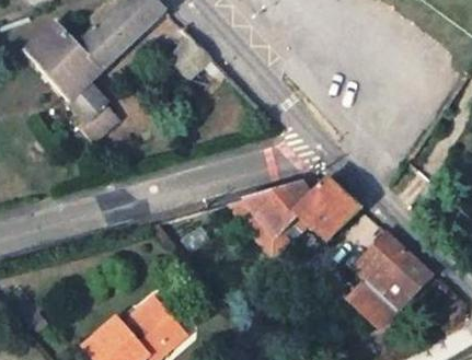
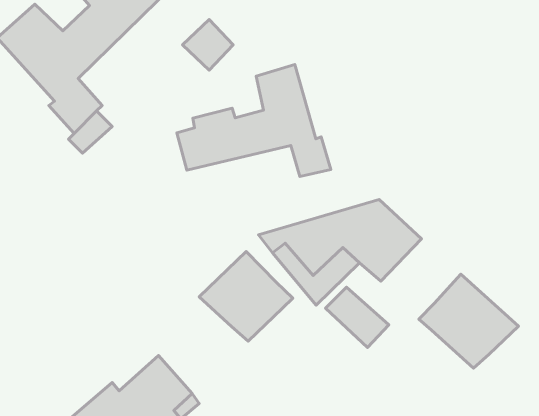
building: none -> [177,65,331,177]
building: none -> [199,251,293,341]
building: [348,278,398,325] -> [325,287,389,347]

